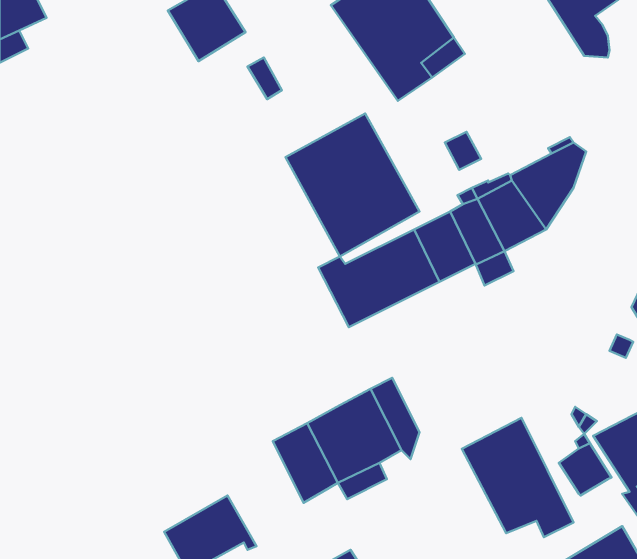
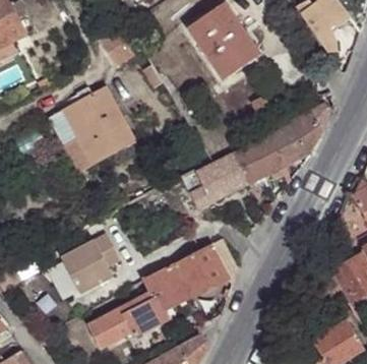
building: [285,114,419,257] -> [62,85,137,166]
building: none -> [61,232,120,292]
building: [462,418,573,537] -> none
building: none -> [128,272,175,331]

